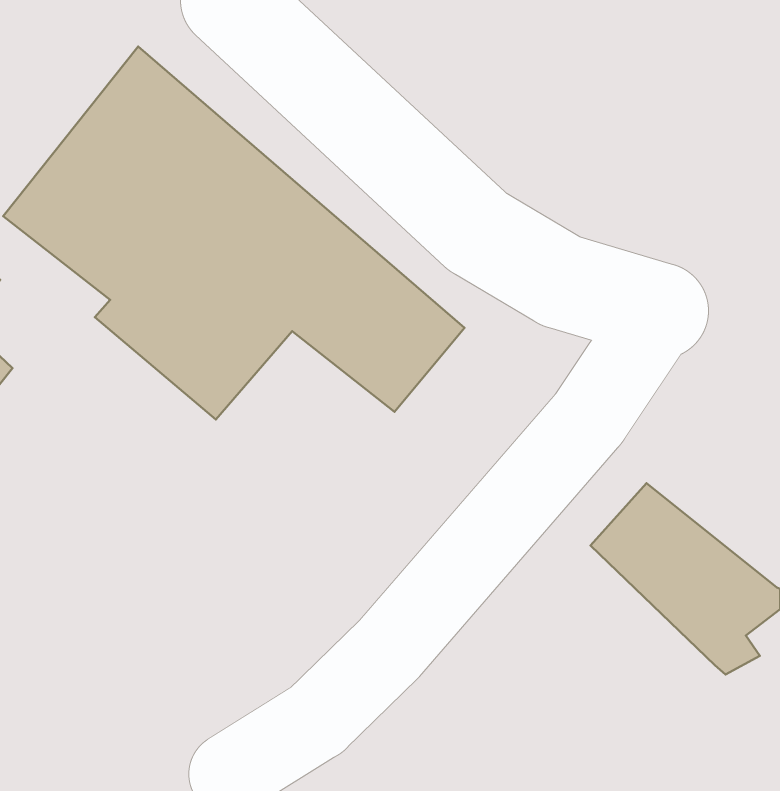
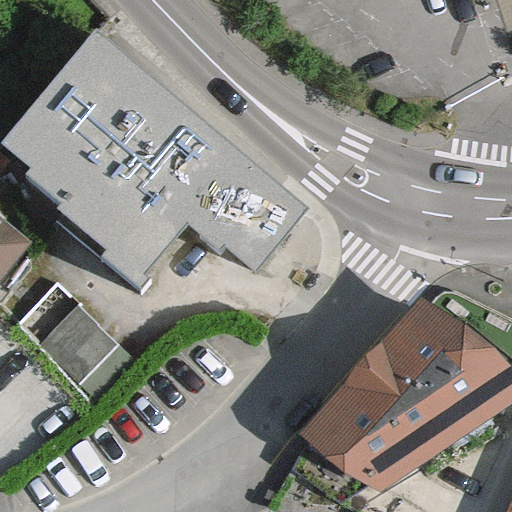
building: none -> [12,276,127,393]
building: none -> [285,353,467,499]

